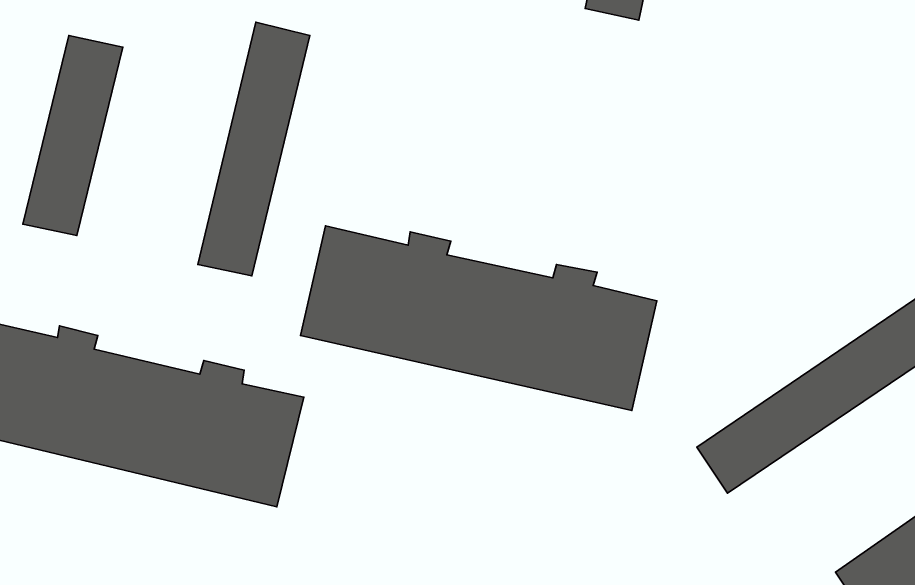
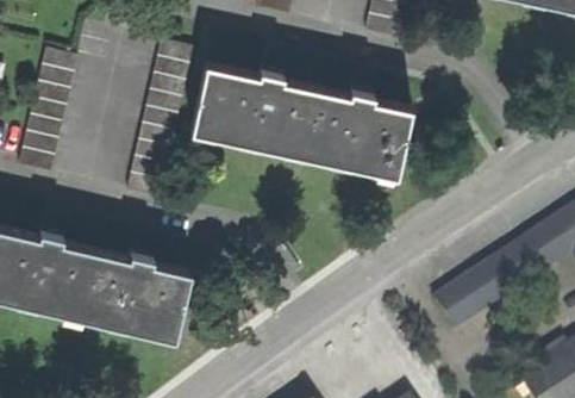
building: [300,226,657,411] -> [190,66,411,180]

